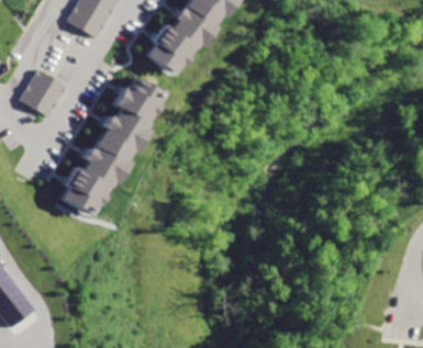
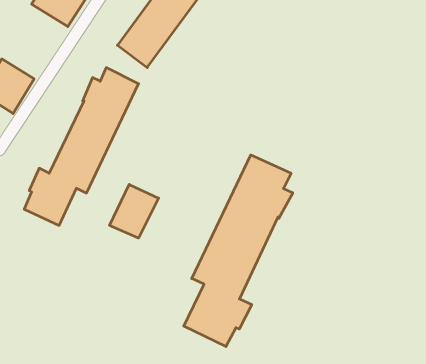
building: none -> [184,155,293,347]
building: none -> [110,184,159,238]

